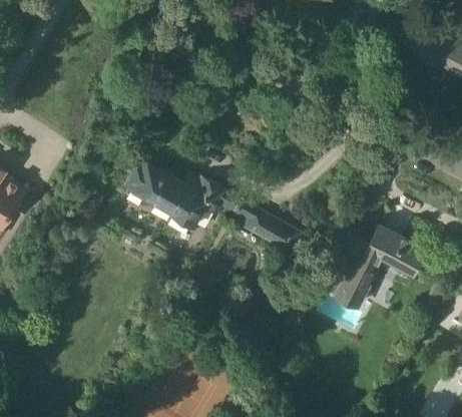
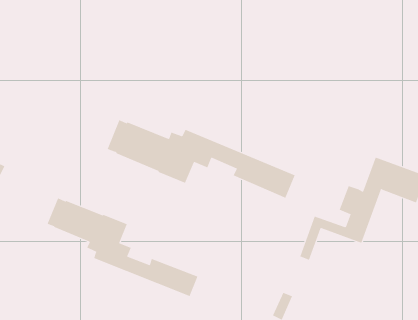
building: none -> [47,198,198,297]

